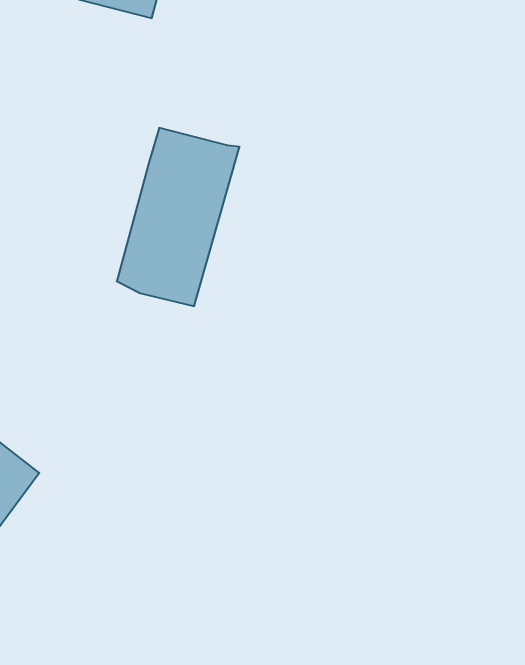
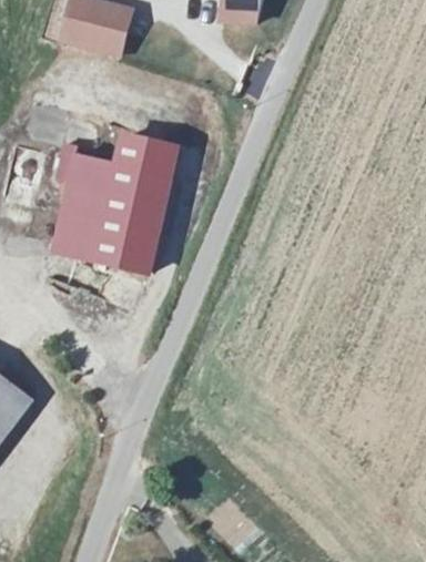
building: none -> [48,150,114,253]

